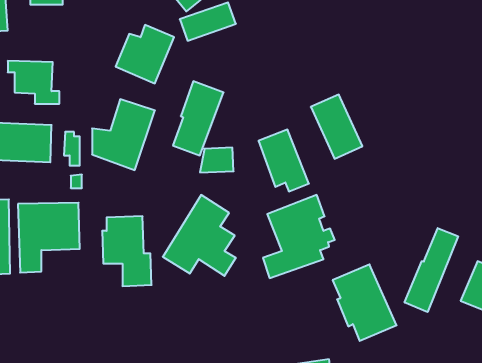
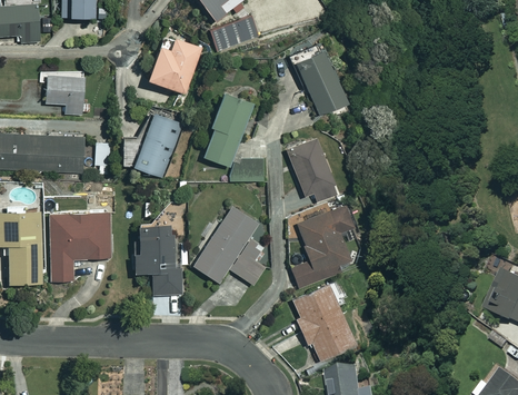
building: [311,95,362,159] -> [295,48,346,111]
building: [405,228,458,312] -> none
building: [333,264,397,341] -> [291,283,355,358]

